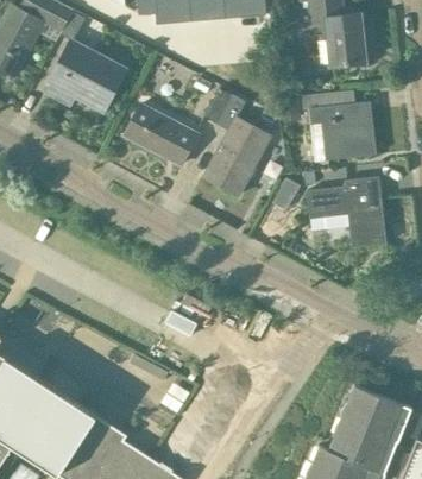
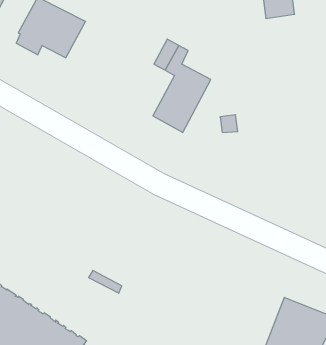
building: [302,92,377,160] -> none
building: [125,106,197,164] -> none
building: [308,176,386,246] -> none

